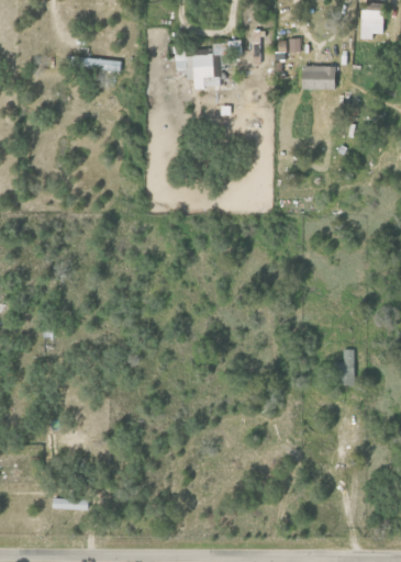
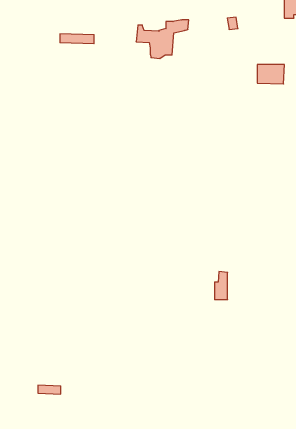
building: [301,67,335,91] -> [257,65,284,84]
building: [337,350,354,385] -> [215,272,228,300]

